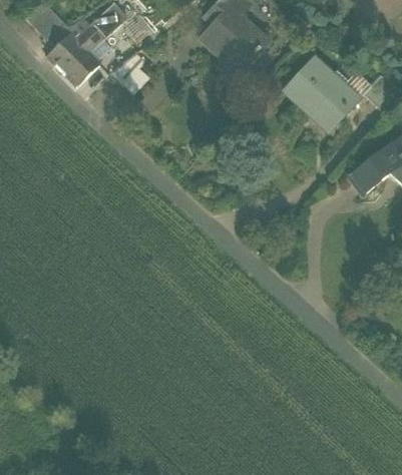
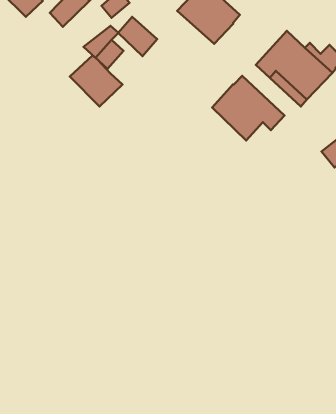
building: [47,34,100,85] -> [70,56,122,106]
building: none -> [118,17,157,56]
building: none -> [212,76,284,140]

